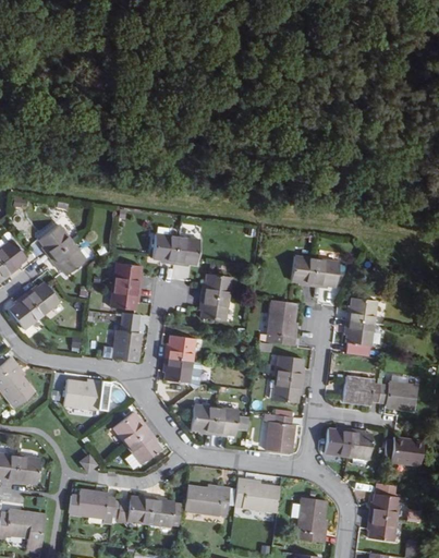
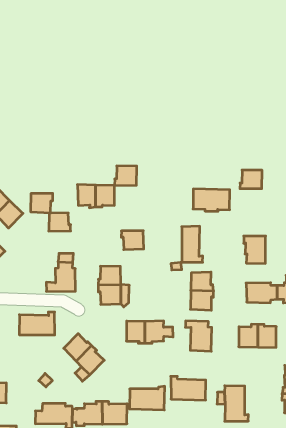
building: [202,272,231,299] -> [115,166,137,185]
building: [111,284,141,311] -> [31,193,53,213]
building: [347,299,377,324] -> [240,170,262,189]

